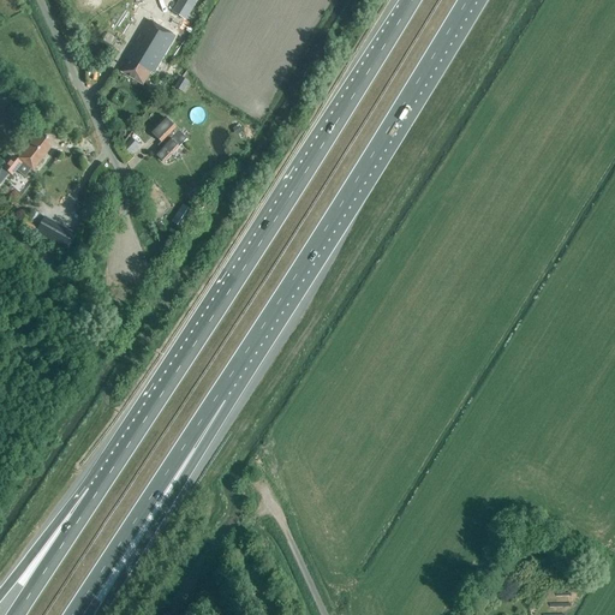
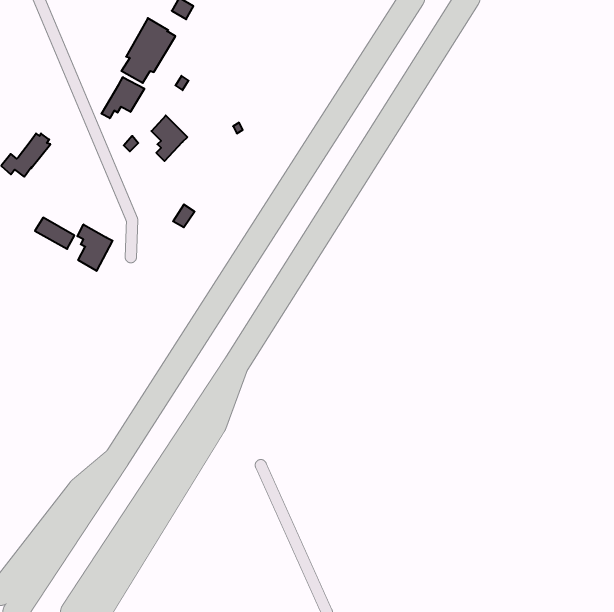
building: none -> [101,77,144,118]
building: none -> [77,224,113,271]

